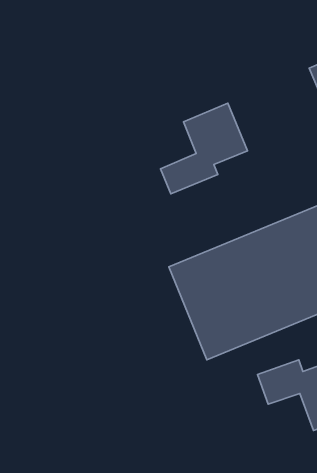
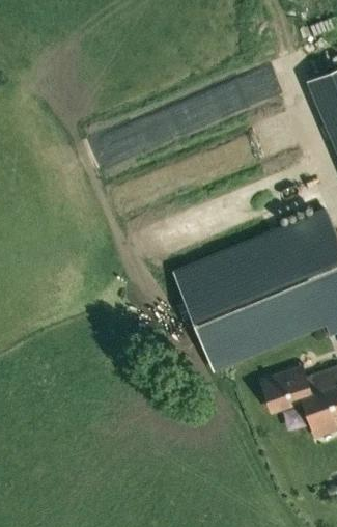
building: [161,103,247,194] -> none

